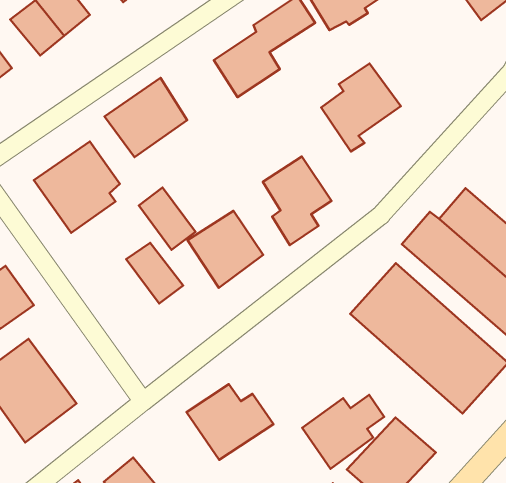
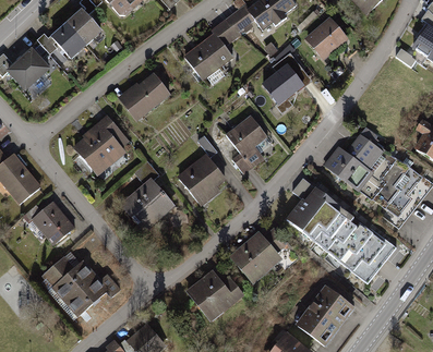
building: none -> [304,19,348,60]
building: [139,188,196,250] -> [121,192,160,233]
building: [302,395,384,469] -> [231,229,286,280]

